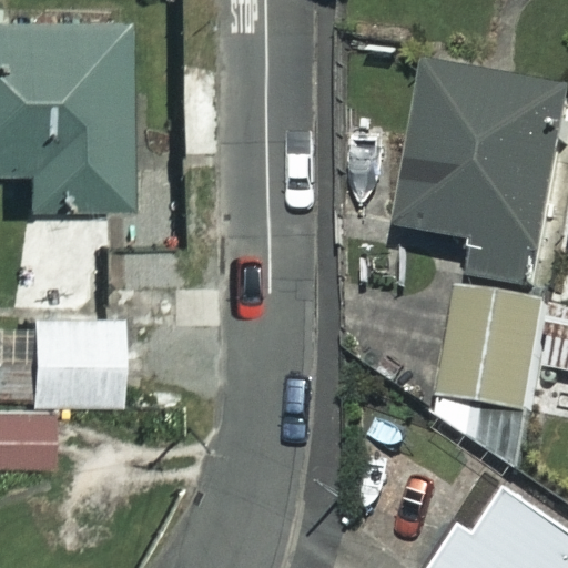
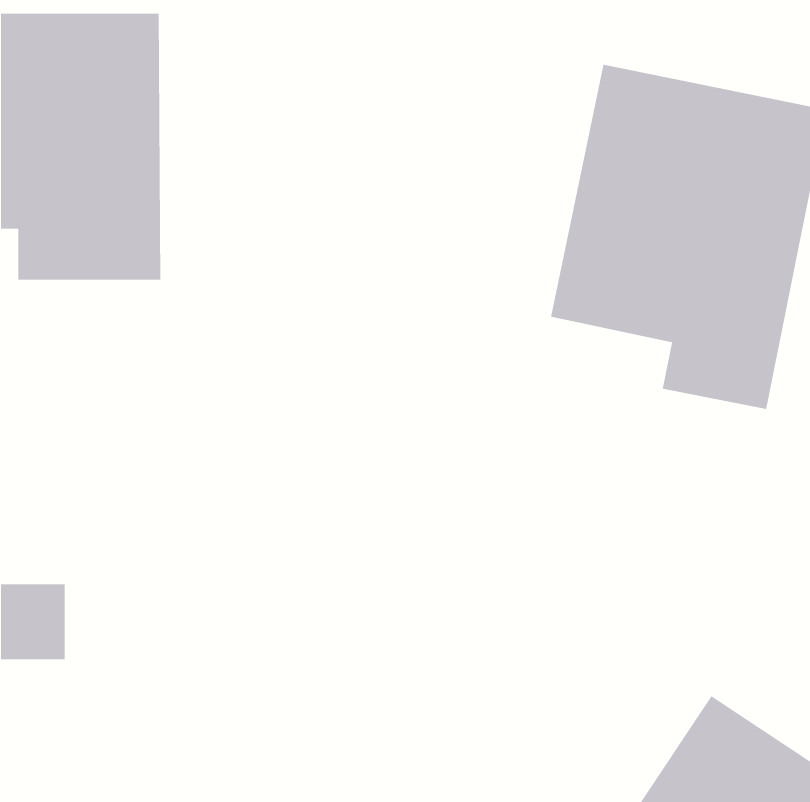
building: [439,298,548,420] -> none
building: [27,320,118,407] -> none

